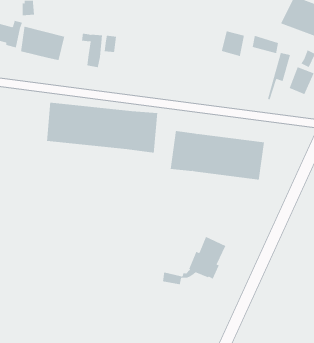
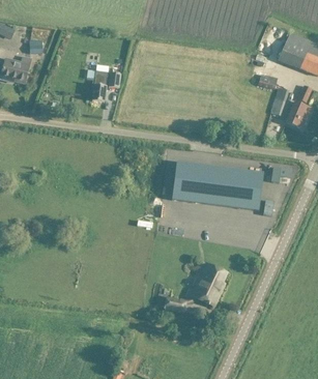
building: [20,26,65,61] -> none
building: [221,30,245,57] -> none
building: [46,102,158,153] -> none

